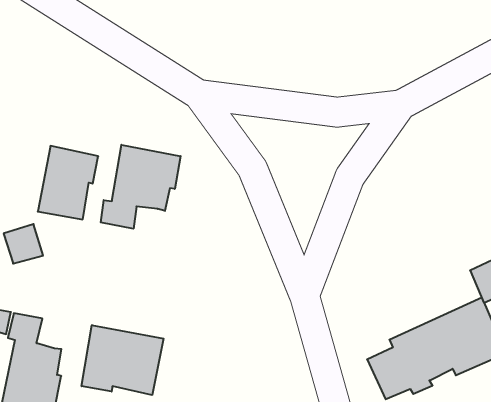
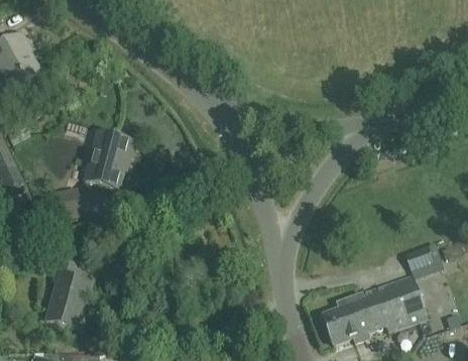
building: [101,145,181,229] -> none
building: [82,325,164,395] -> none

